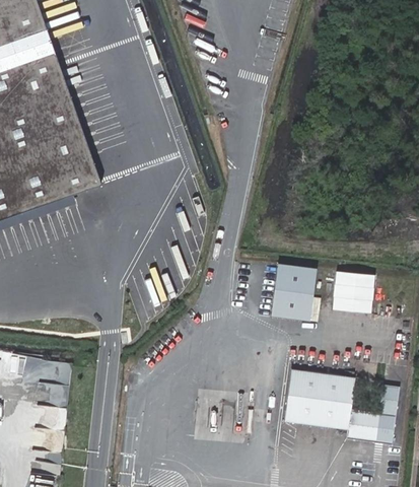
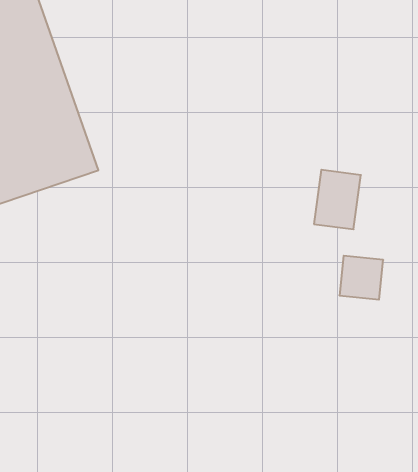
building: [271,263,317,321] -> [314,170,361,229]
building: [286,370,400,444] -> none

